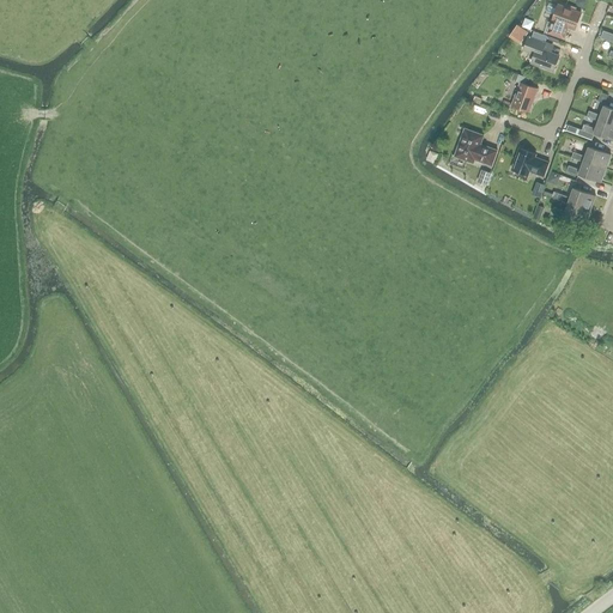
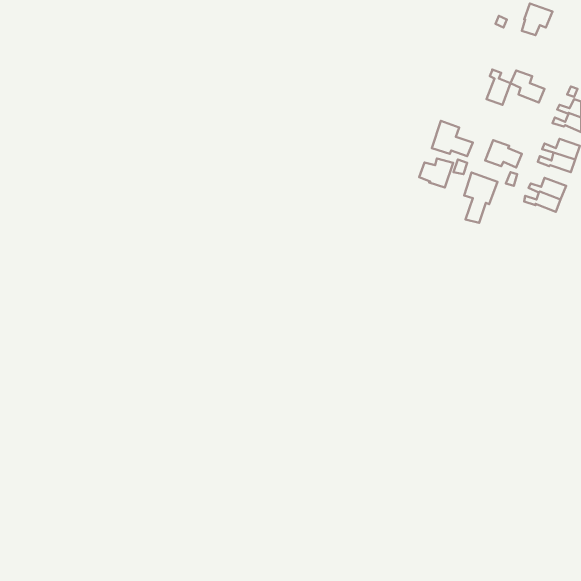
building: [522,36,558,69] -> [510,71,545,103]
building: none -> [419,159,453,188]
building: none -> [464,173,497,223]

